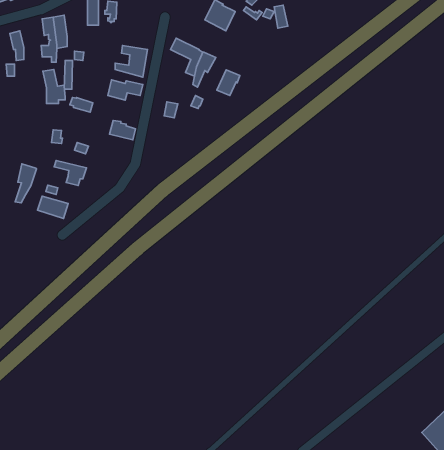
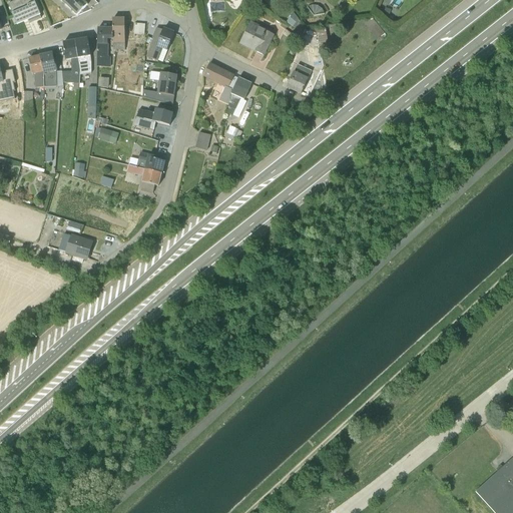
building: none -> [145,26,173,61]
building: none -> [97,27,112,65]
building: [43,69,65,104] -> [39,52,63,89]
building: [217,70,240,96] -> [287,64,312,92]
building: [54,160,86,185] -> [126,164,161,191]
building: [15,164,37,203] -> none

